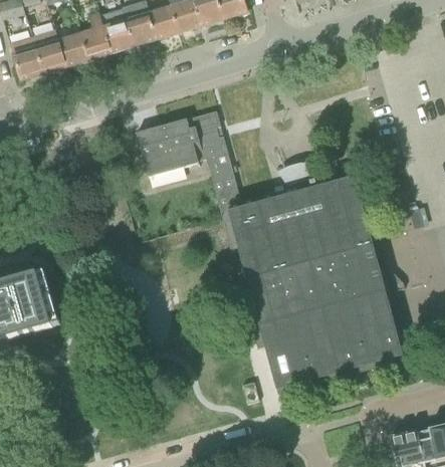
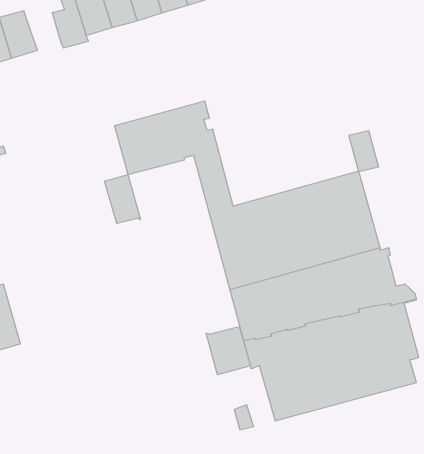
building: [58,32,88,65] -> none
building: none -> [349,131,379,172]
building: none -> [105,175,141,224]
building: none -> [206,327,250,375]

